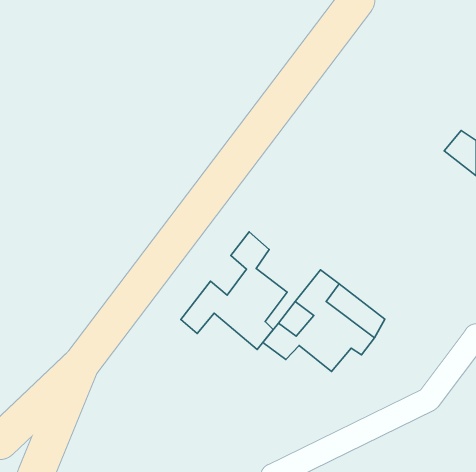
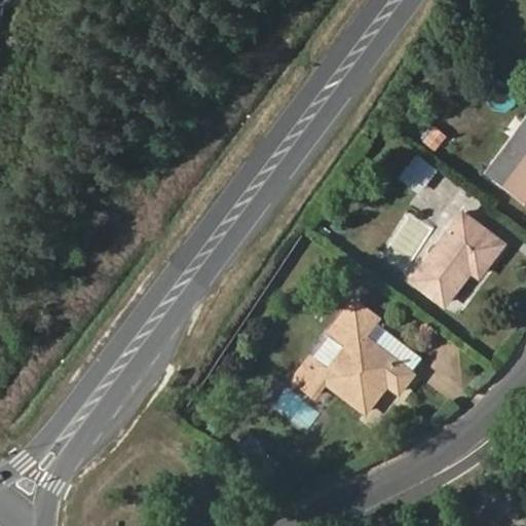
building: none -> [411,213,504,307]
building: [181,232,287,349] -> none

